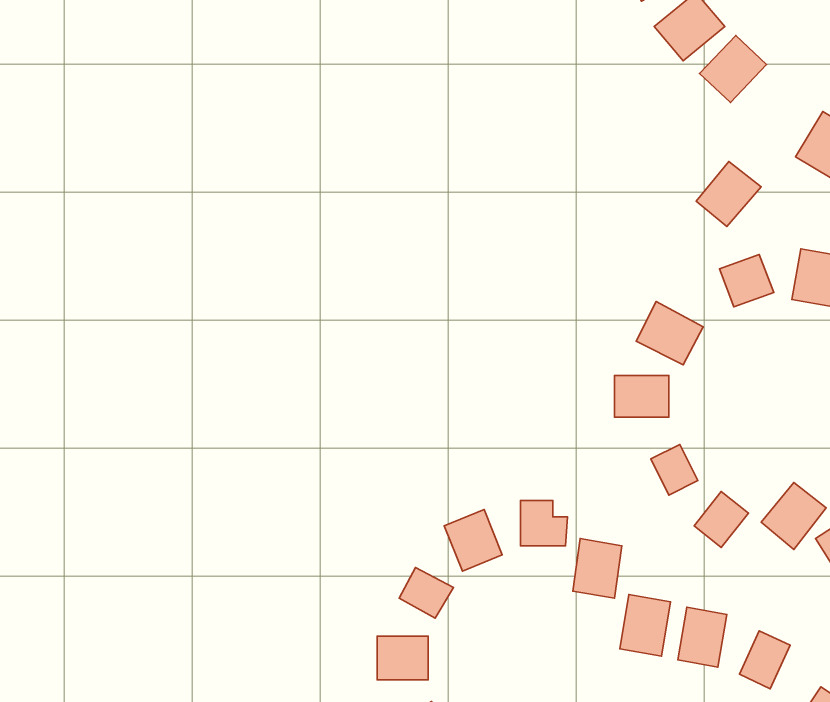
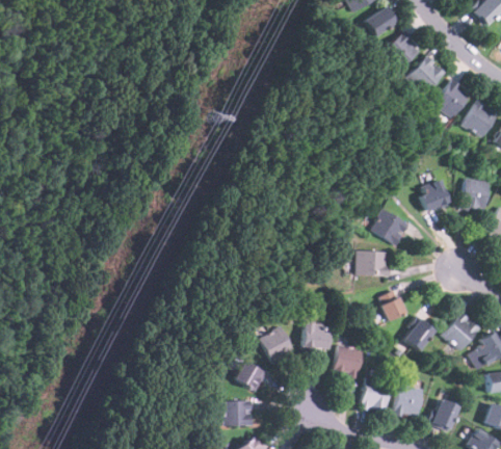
building: [696,161,761,227] -> [434,80,472,117]

